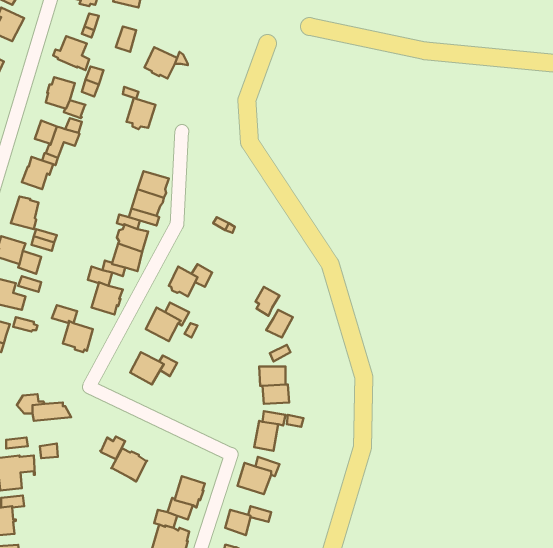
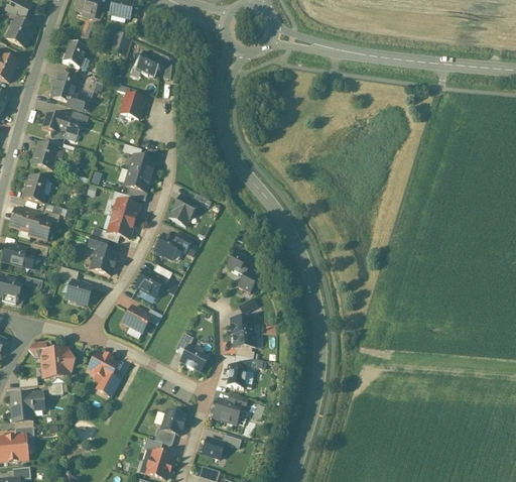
building: none -> [168,194,198,226]
building: none -> [180,346,208,372]
building: none -> [42,360,74,377]
building: [111,448,147,481] -> [88,352,118,380]

